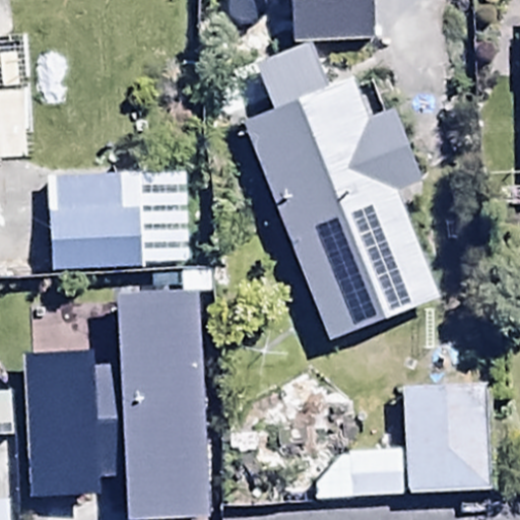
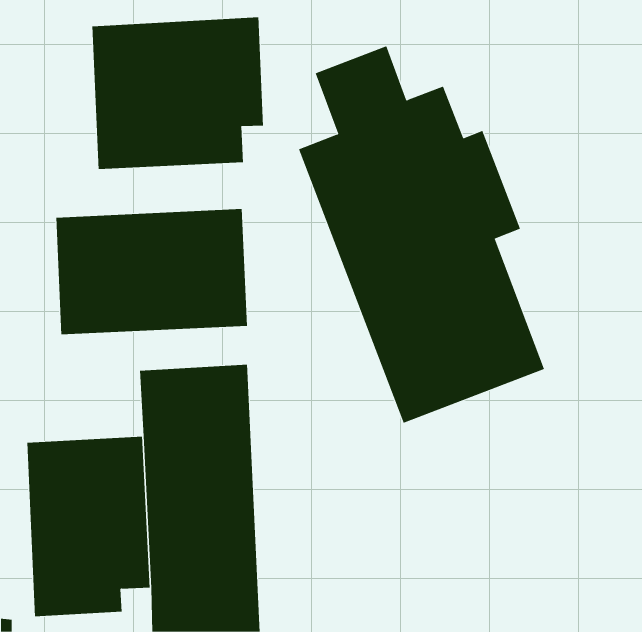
building: none -> [92,17,264,170]
building: [315,380,492,498] -> none

